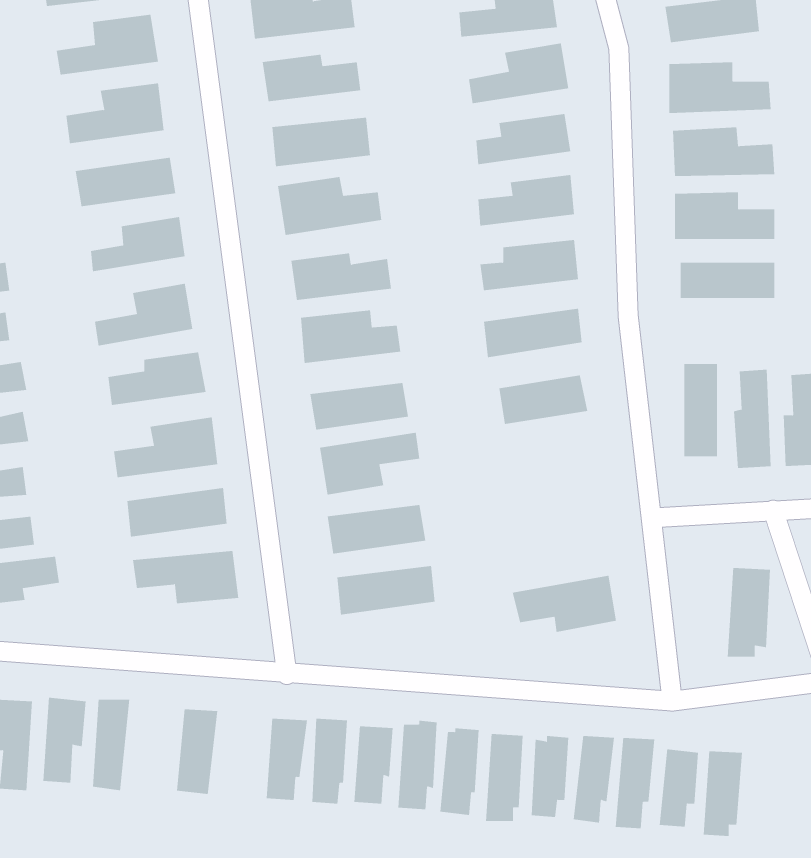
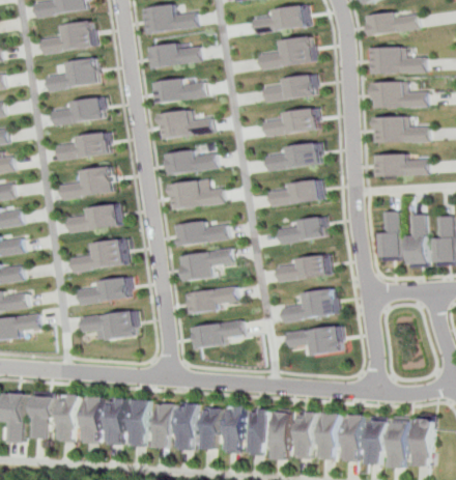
building: none -> [277,254,331,281]
building: none -> [283,288,337,321]
building: [727,568,771,657] -> [412,417,436,465]
building: none -> [82,395,103,443]
building: none -> [129,398,150,445]

